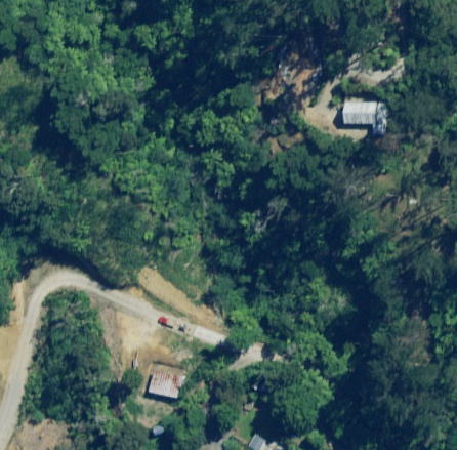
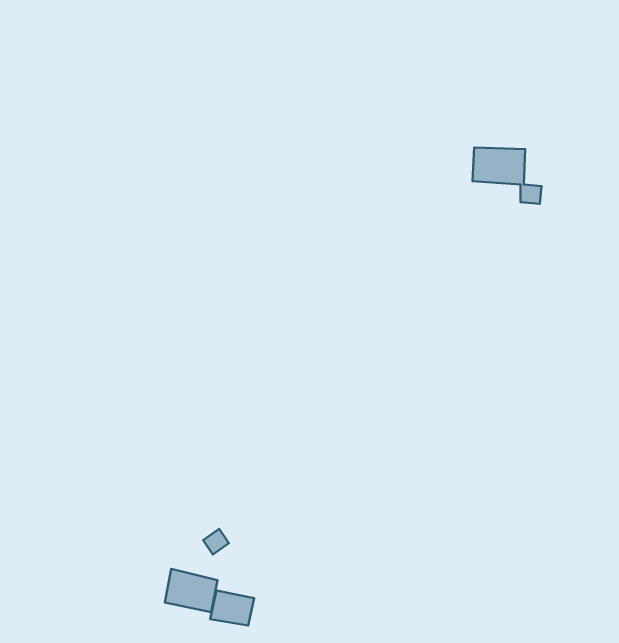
building: none -> [210,590,254,626]

